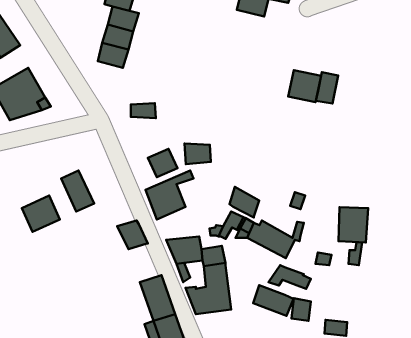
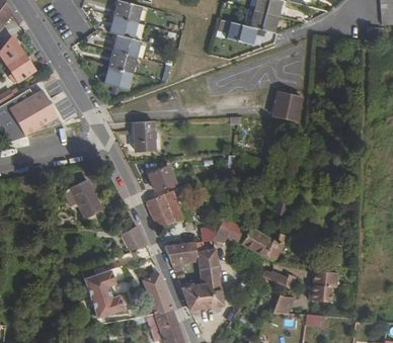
building: [316,72,338,103] -> none
building: [185,144,211,164] -> [133,134,156,152]
building: [230,187,259,218] -> none
building: [22,196,60,232] -> none
building: [338,207,368,242] -> [311,271,337,303]
building: none -> [84,269,124,317]
building: [253,285,294,316] -> none

